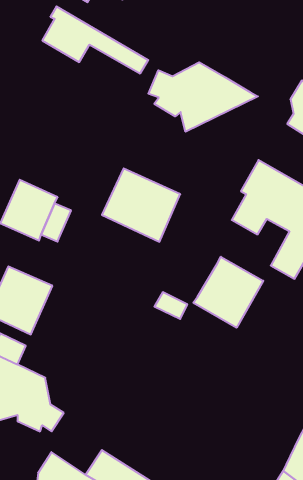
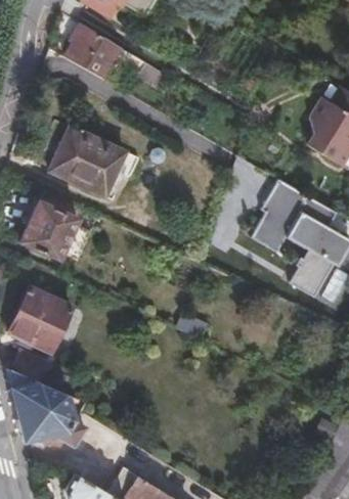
building: [148,62,258,132] -> none
building: [102,168,180,242] -> [50,124,128,196]
building: [193,257,263,328] -> none

